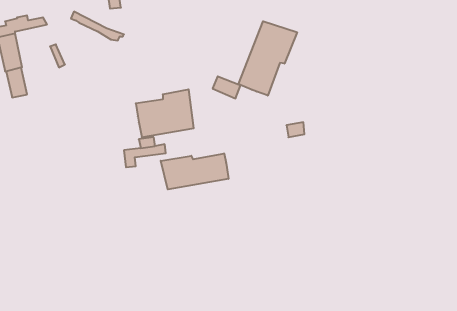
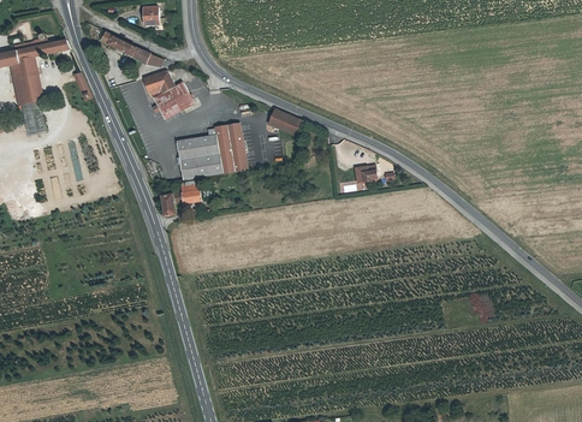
building: [239,21,297,96] -> none
building: none -> [144,70,194,118]
building: [161,153,228,189] -> none

